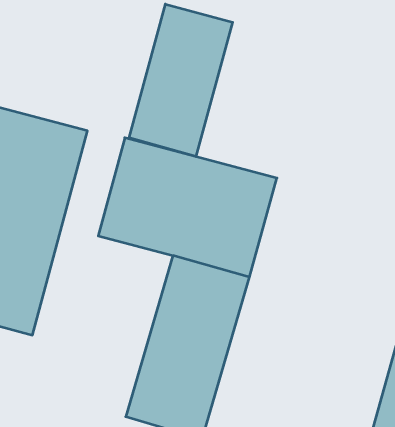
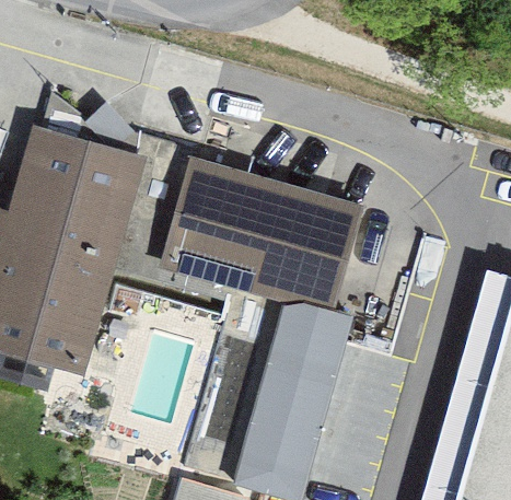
building: [129,4,233,157] -> none

